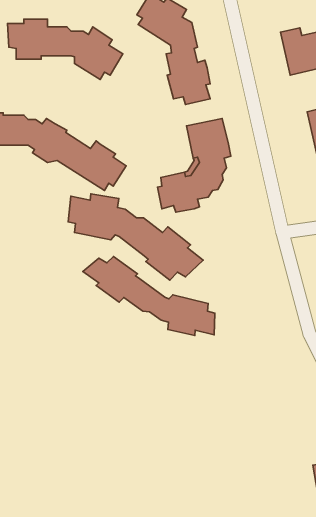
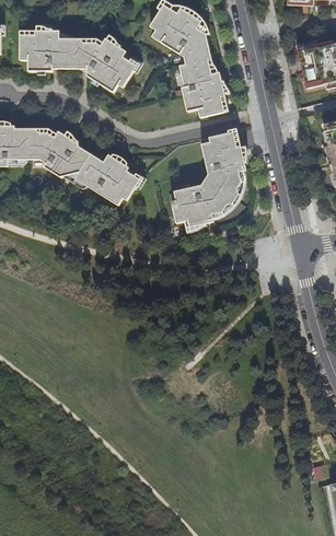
building: [68,194,203,280] -> none
building: [83,256,215,336] -> none

